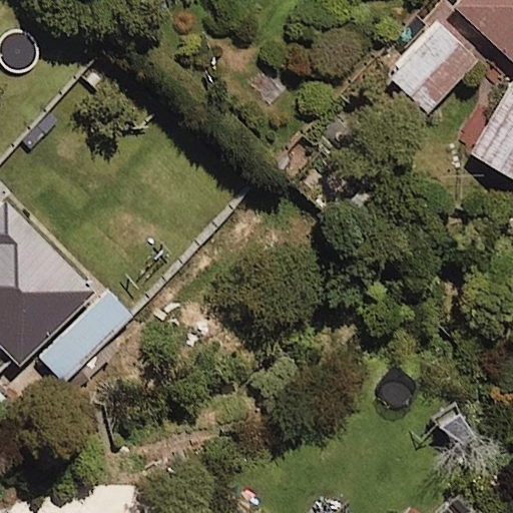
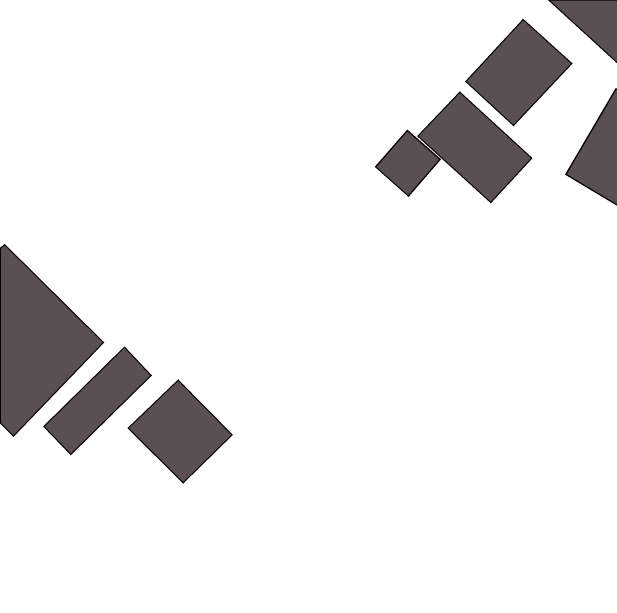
building: none -> [418,92,532,203]
building: none -> [128,380,232,483]

